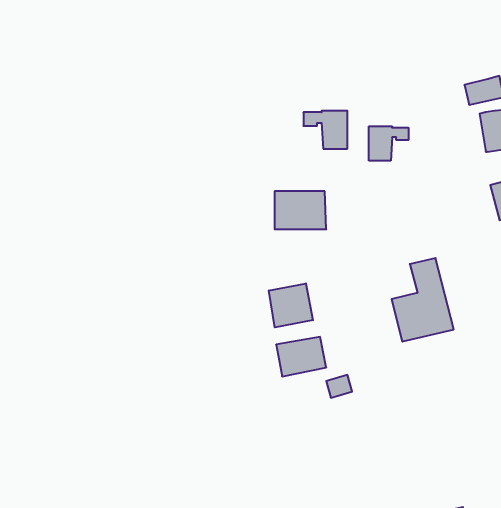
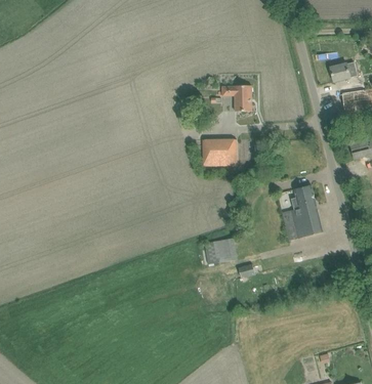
building: [369,126,408,161] -> none
building: [269,283,313,327] -> none

